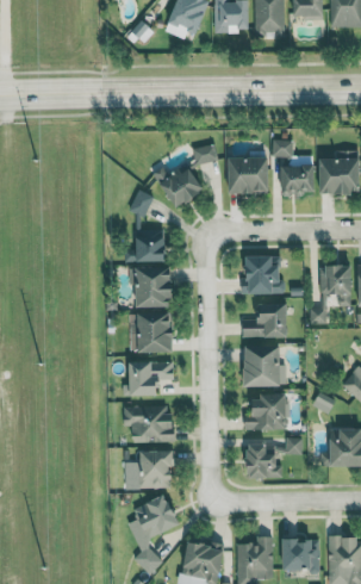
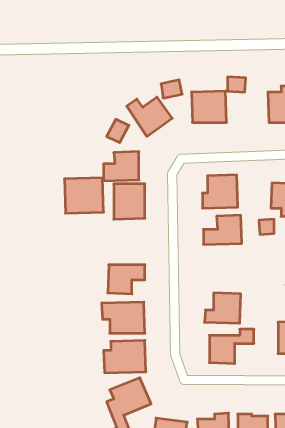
building: [279,164,315,194] -> none
building: [127,311,174,353] -> [64,178,104,213]
building: [244,346,284,386] -> none

